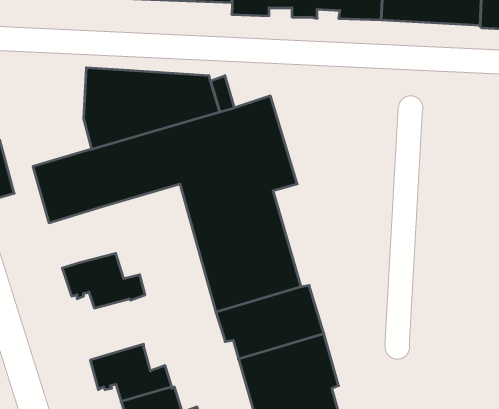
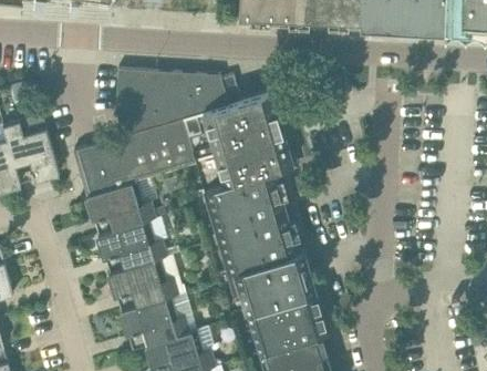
building: none -> [87,184,157,230]
building: none -> [110,260,178,307]

